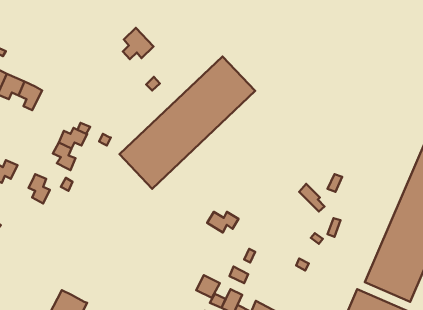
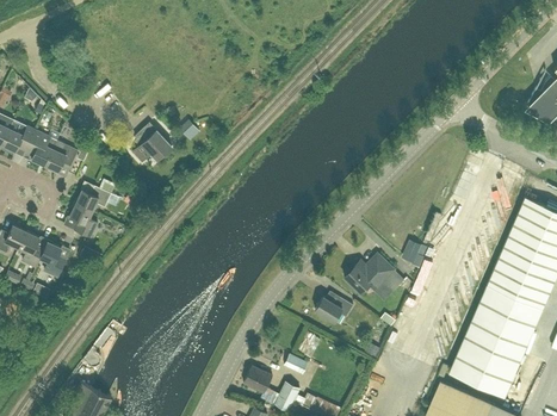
building: [123,28,153,59] -> [134,124,171,162]
building: [119,56,255,189] -> none
building: none -> [44,141,79,172]
building: none -> [18,231,44,267]
building: none -> [344,263,392,299]
building: [207,212,238,233] -> [315,297,353,322]

